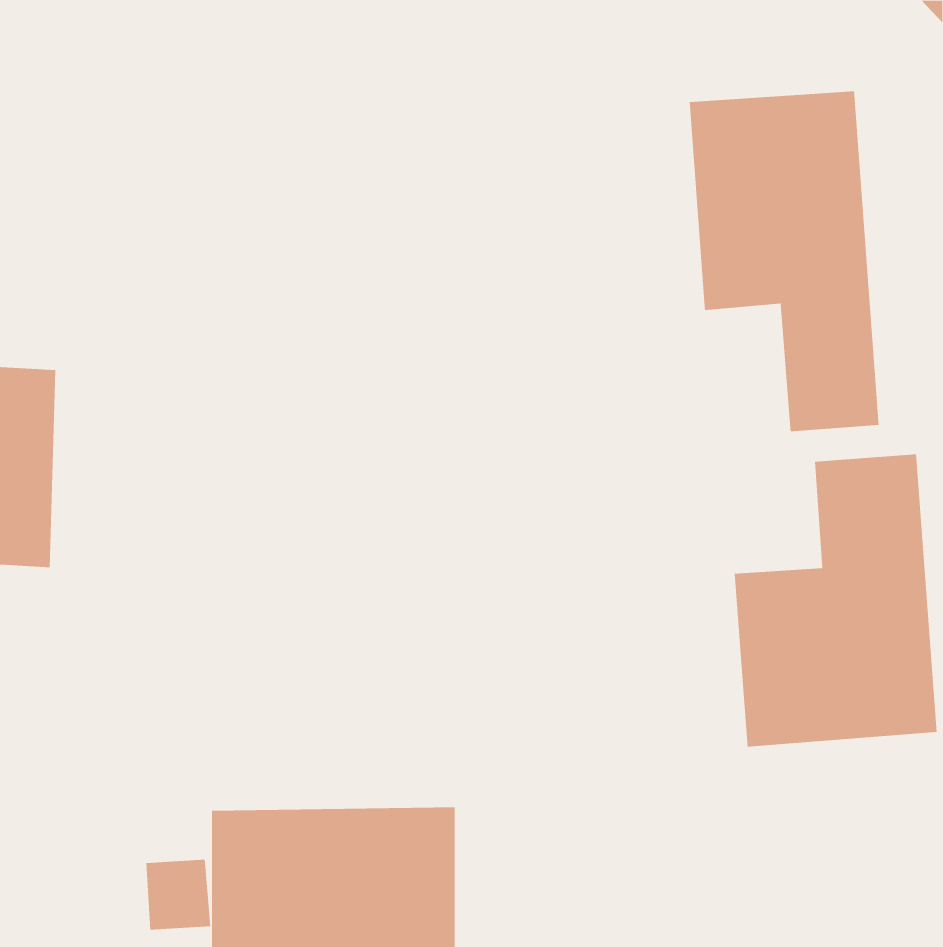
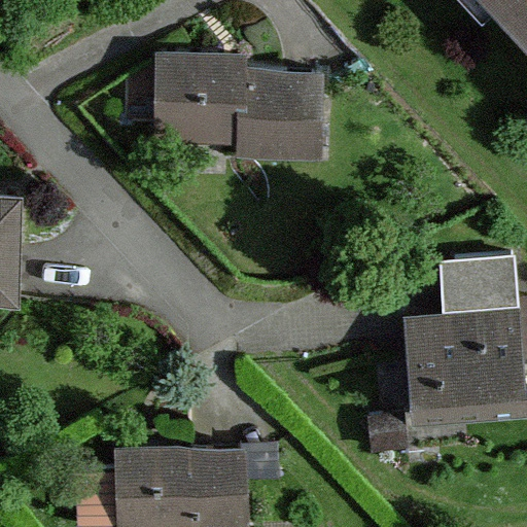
building: [689,90,879,432] -> none
building: none -> [151,56,315,151]

